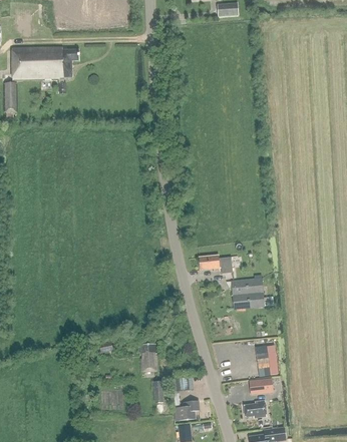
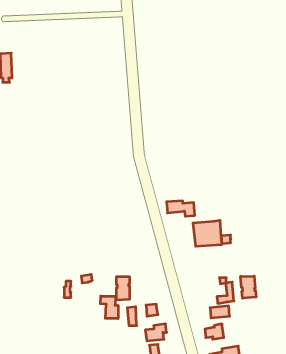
building: [11,47,78,92] -> none
building: none -> [241,276,256,298]
building: none -> [100,296,118,319]

